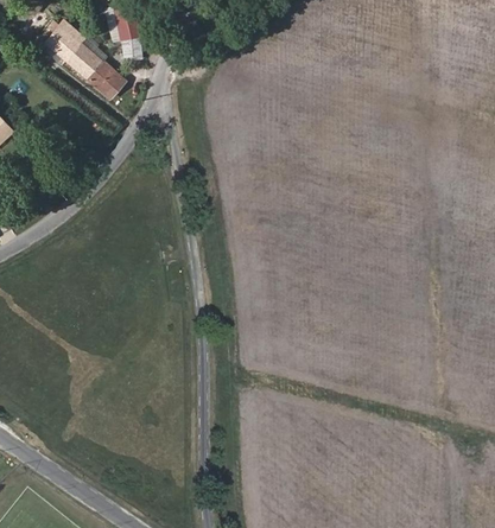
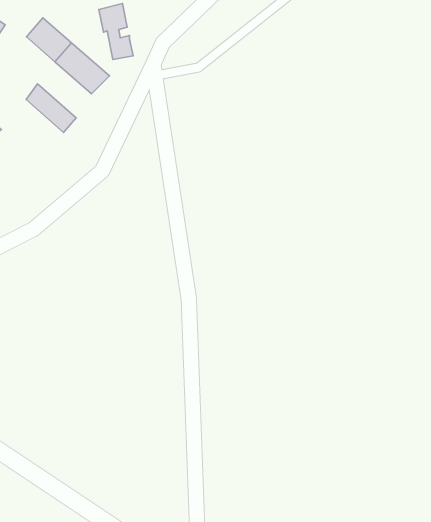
building: none -> [26,84,76,132]

